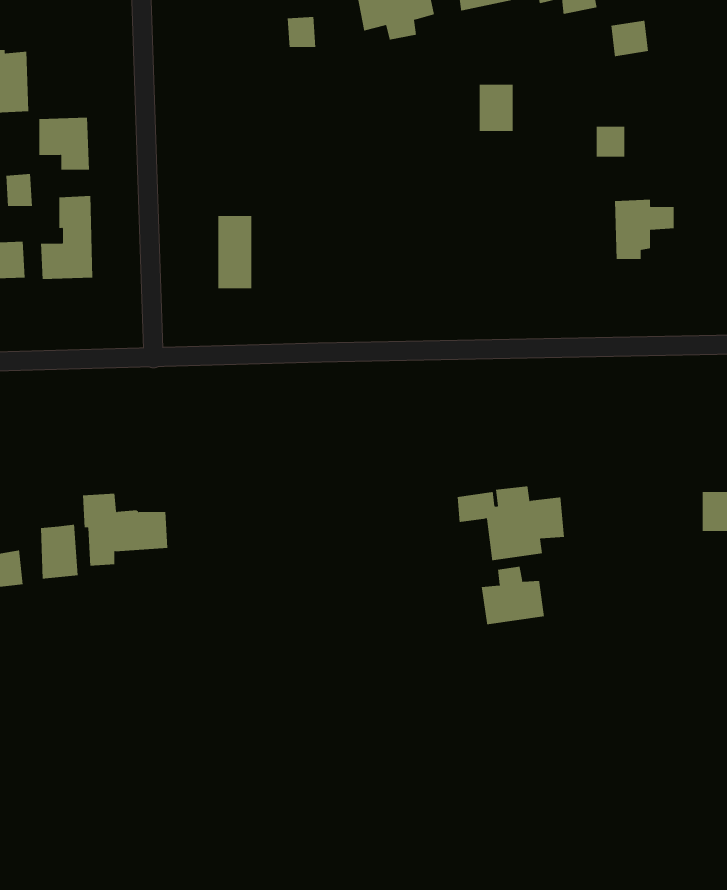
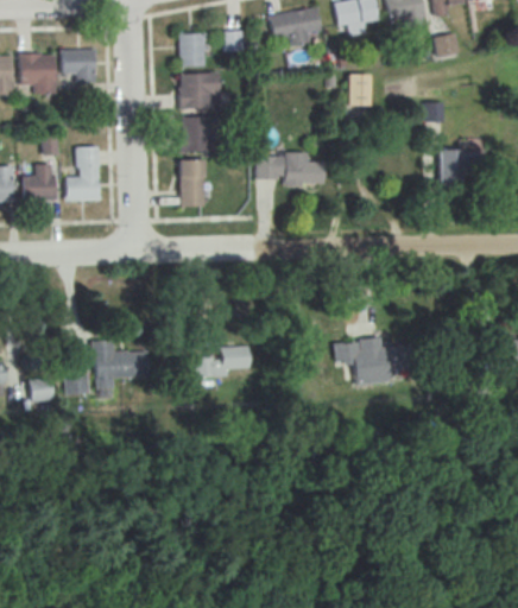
building: none -> [179,33,206,66]
building: none -> [177,72,220,110]
building: [39,117,90,170] -> [64,49,97,83]
building: none -> [178,116,221,154]
building: none -> [258,153,324,185]
building: none -> [195,344,249,379]
building: [481,566,545,625] -> none

